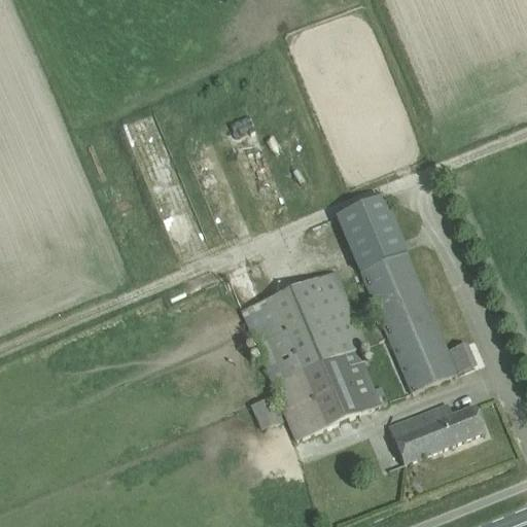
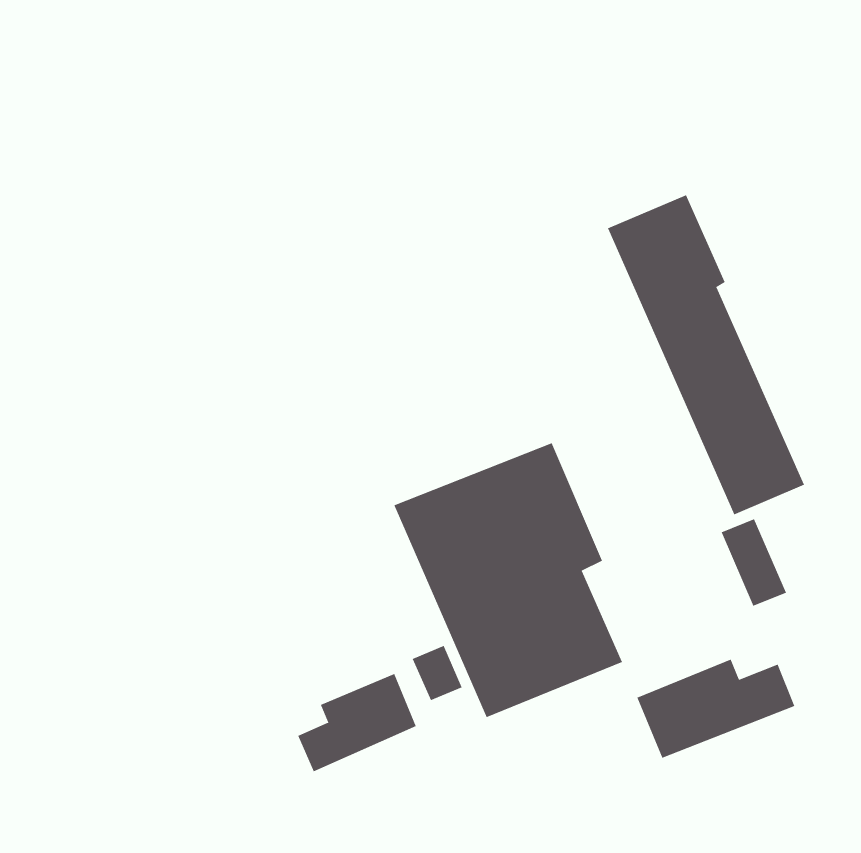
building: [336,194,456,389] -> [607,194,805,515]
building: none -> [298,673,417,772]

